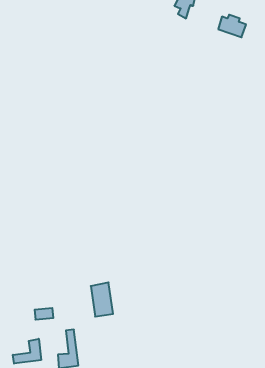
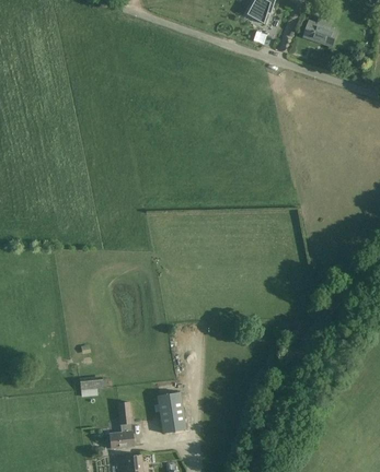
building: [91,282,113,317] -> [158,391,185,433]
building: [13,339,41,364] -> none

